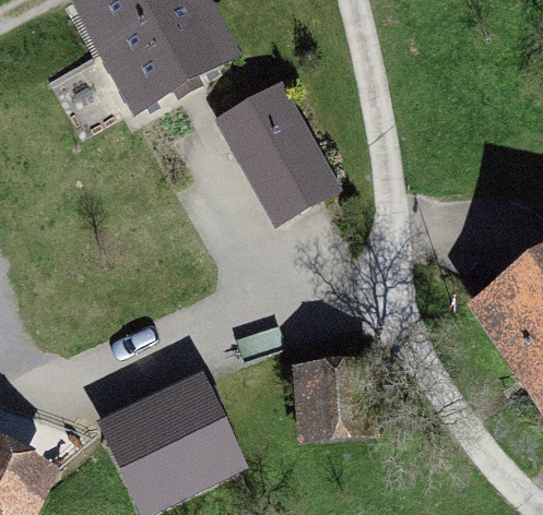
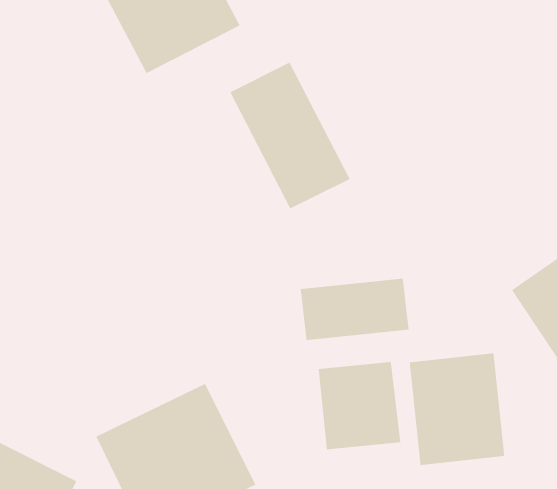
building: none -> [300,278,409,341]
building: none -> [409,352,505,466]

